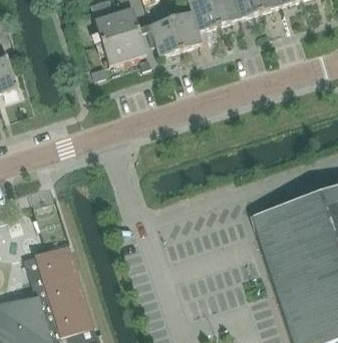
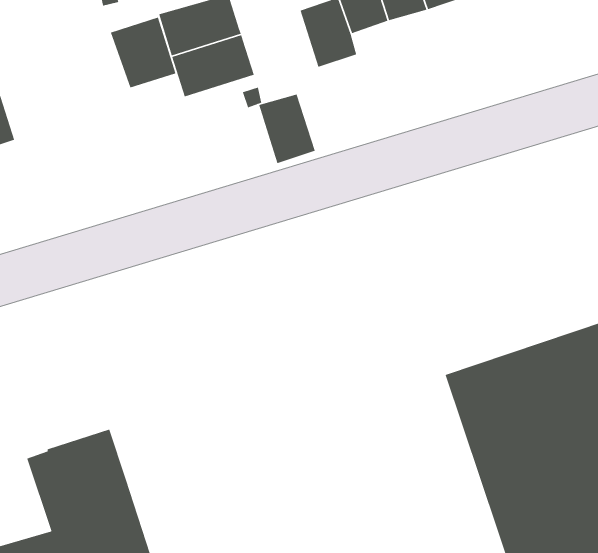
building: [150,17,182,55] -> [258,93,316,164]
building: none -> [110,16,177,89]

